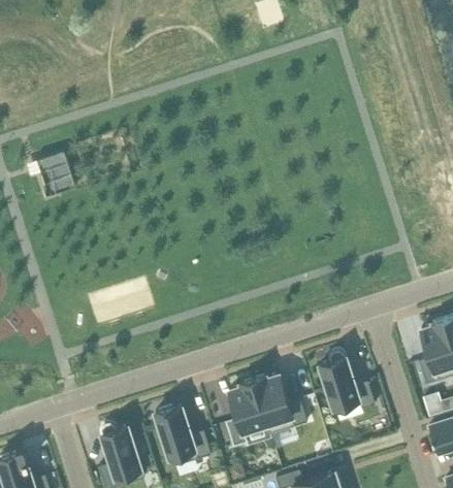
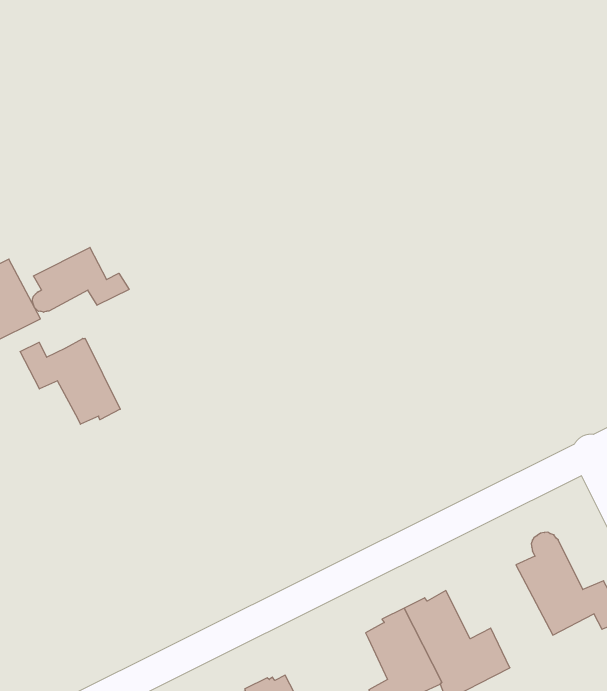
building: none -> [32,247,129,312]
building: none -> [20,338,120,424]

